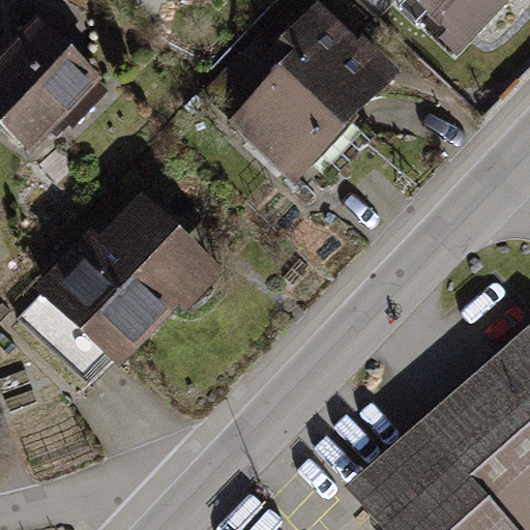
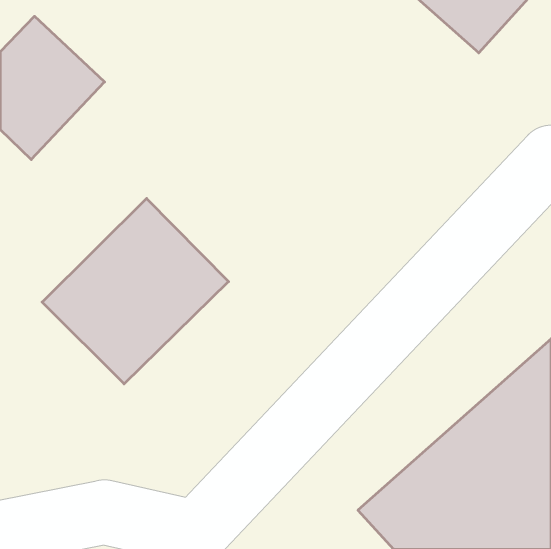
building: [234,4,395,180] -> none

